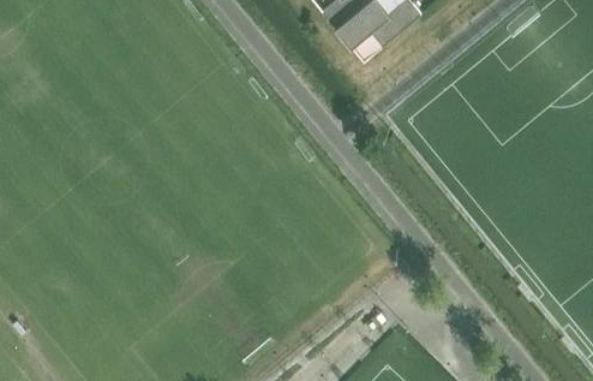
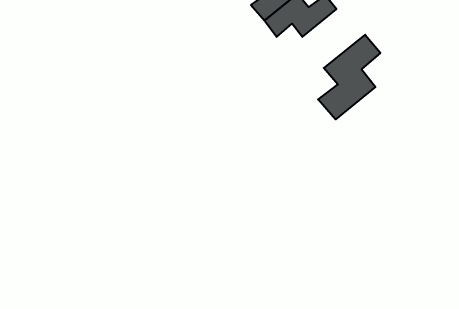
building: none -> [318,35,380,119]

